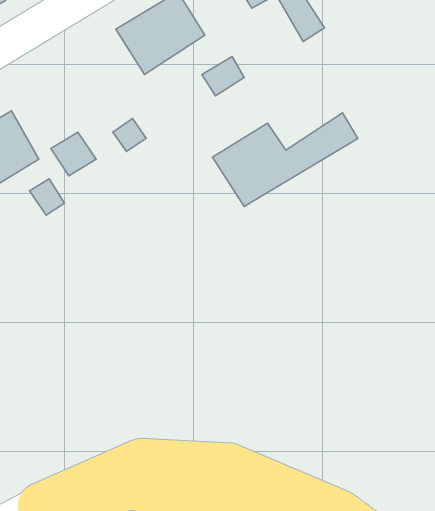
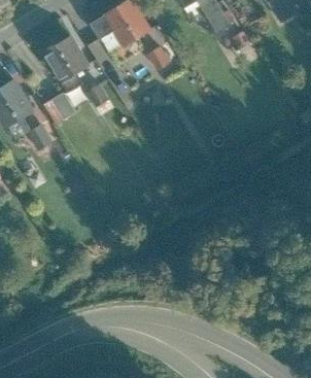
building: none -> [40,34,89,83]
building: [213,113,358,207] -> none

